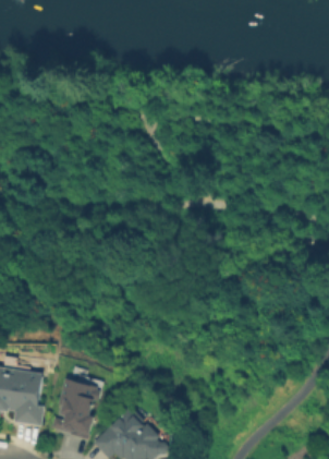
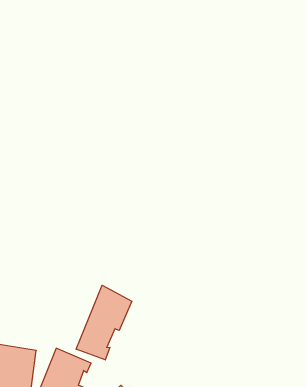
building: none -> [76,285,132,360]

